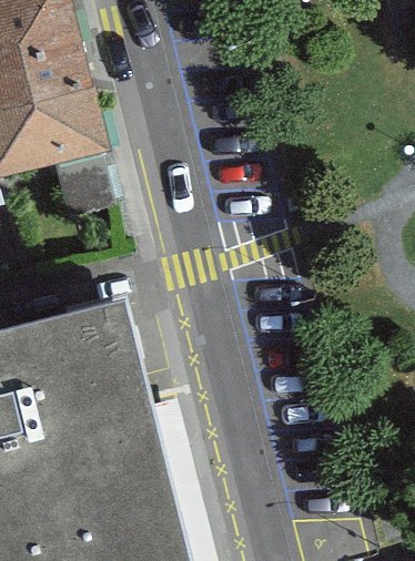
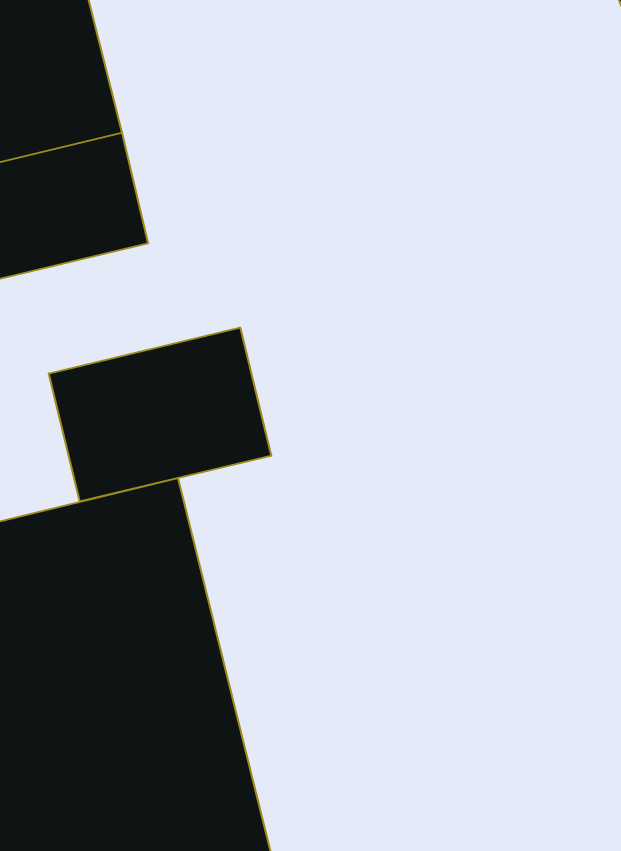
building: none -> [49,327,271,502]

